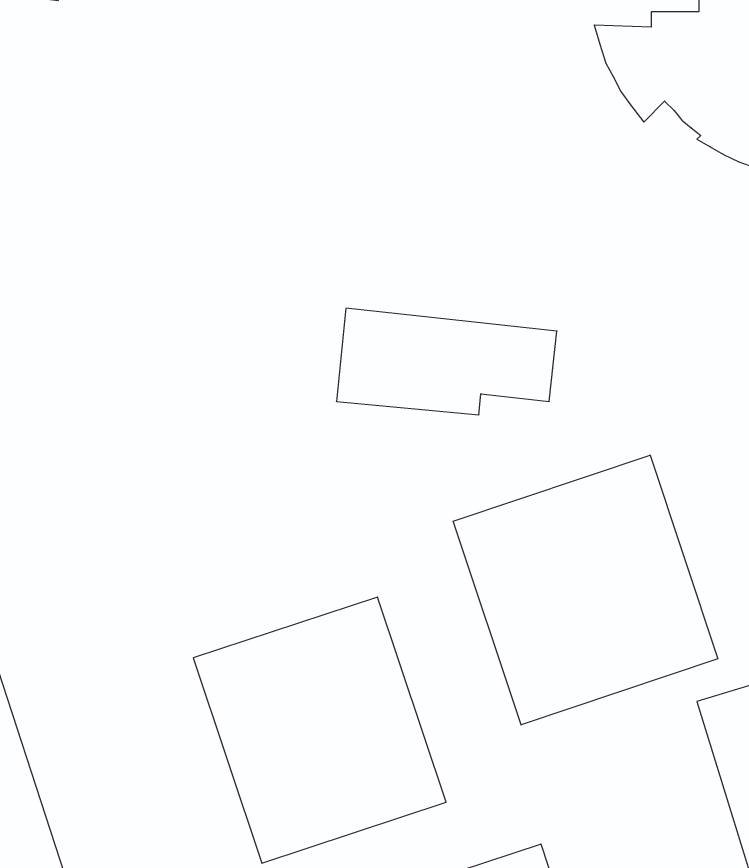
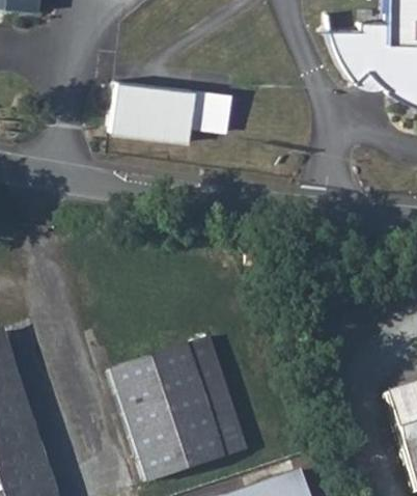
building: [336,308,557,415] -> [110,83,230,141]
building: [453,455,718,725] -> none

